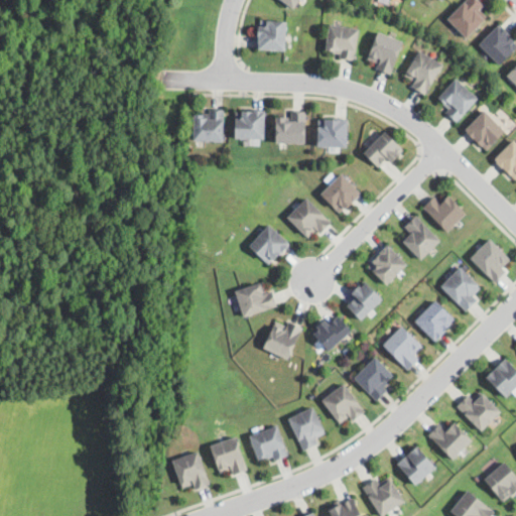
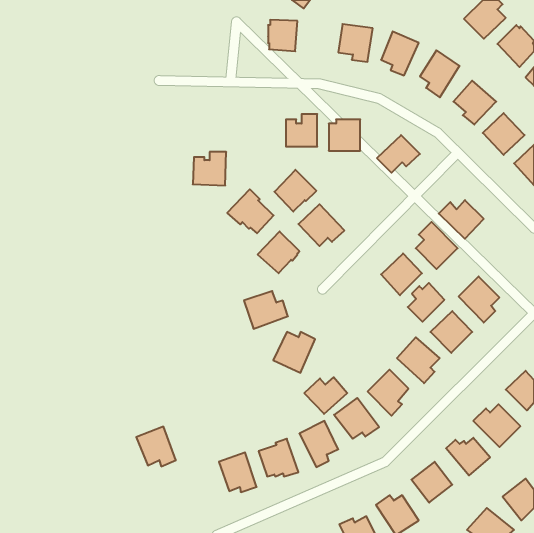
building: [192,110,225,142] -> [193,152,226,185]
building: [234,111,265,140] -> none
building: [320,174,361,215] -> [274,170,316,212]
building: none -> [227,189,274,233]
building: [471,240,510,284] -> none
building: [347,283,382,320] -> [408,283,444,322]
building: [309,316,351,352] -> [304,377,347,414]
building: [171,453,210,491] -> [136,427,176,466]

